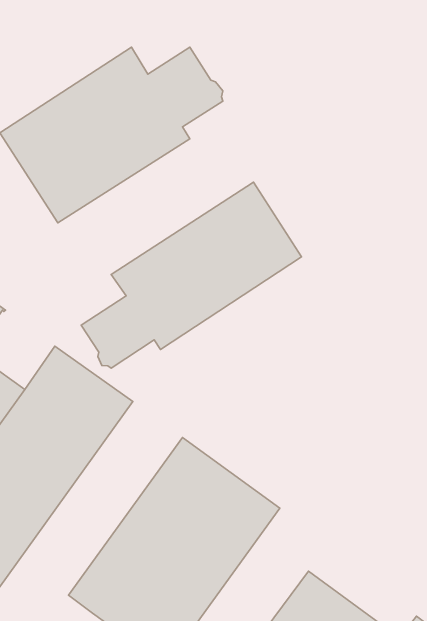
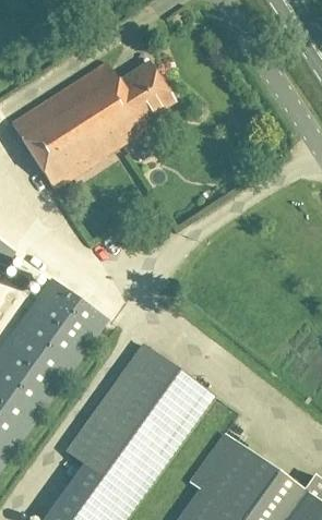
building: [81,182,301,368] -> none

